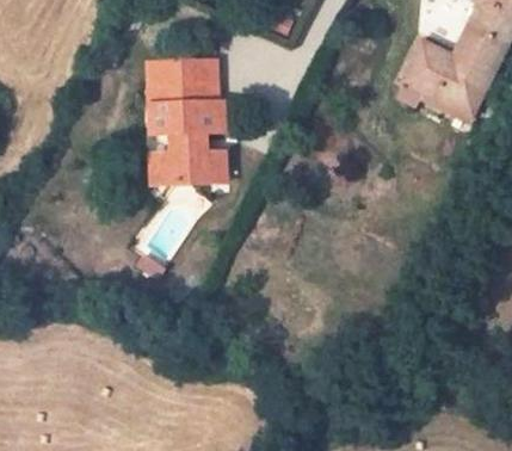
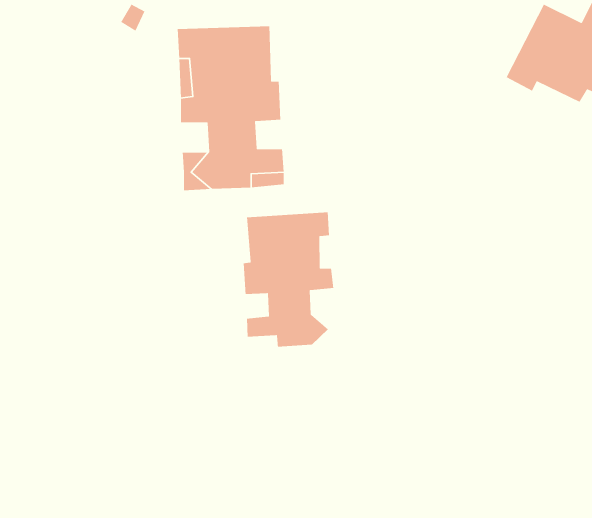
building: none -> [243,211,334,347]

